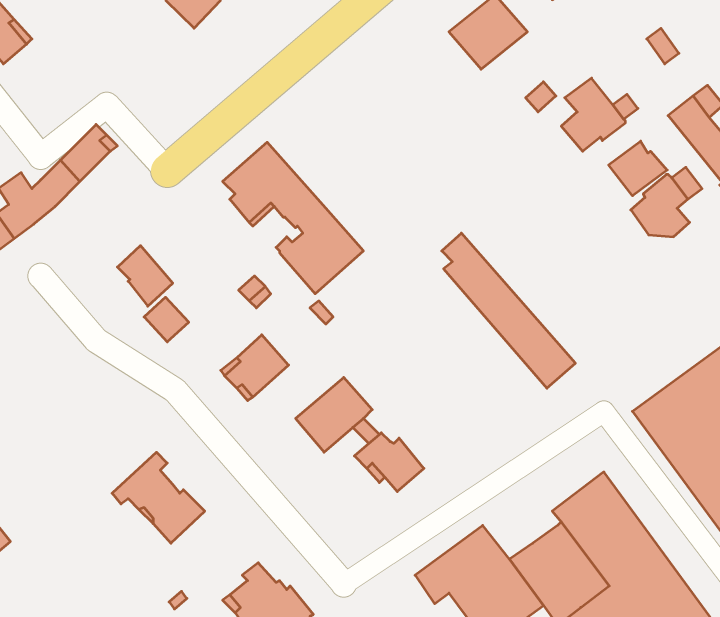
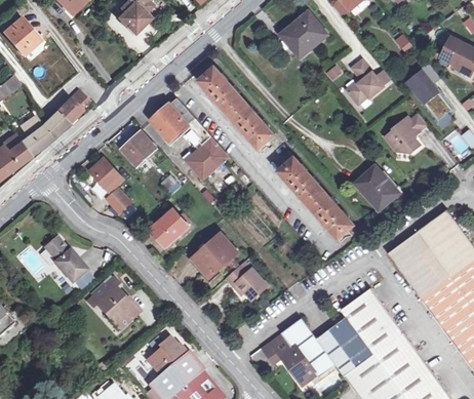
building: none -> [198,67,275,150]
building: [609,141,667,196] -> none
building: none -> [121,132,155,166]
building: none -> [355,167,399,217]
building: none -> [46,238,89,284]

